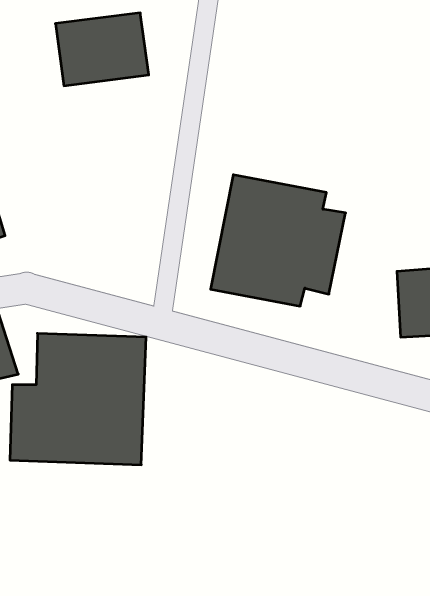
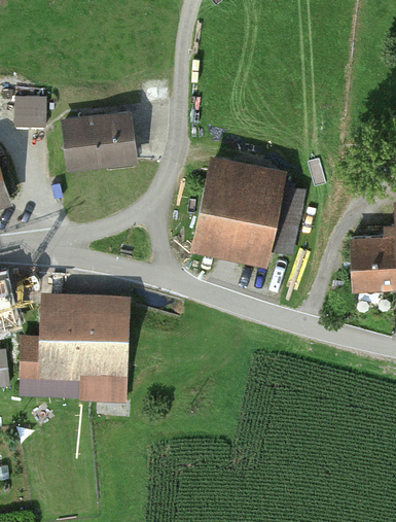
building: [55,13,149,86] -> [60,109,140,172]
building: none -> [11,91,45,121]

